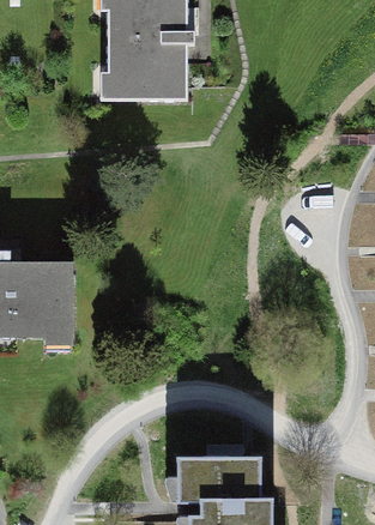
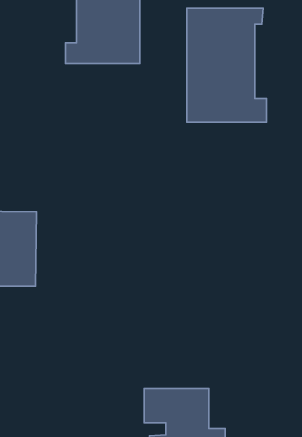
building: none -> [187,8,267,122]

